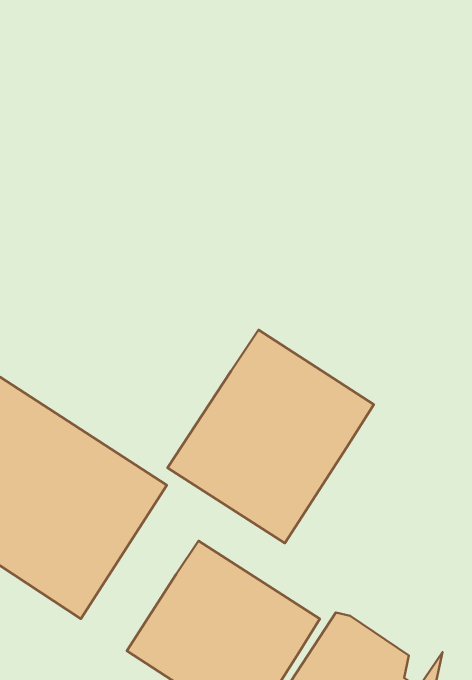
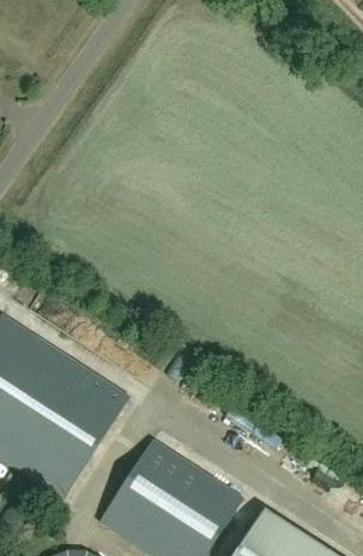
building: [167,330,374,543] -> none

